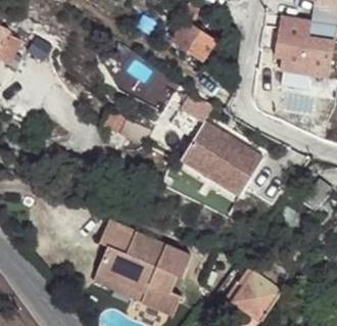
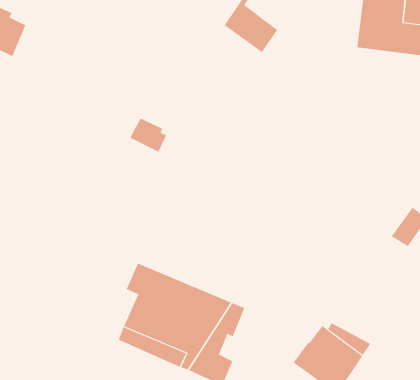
building: [176,125,256,200] -> none

